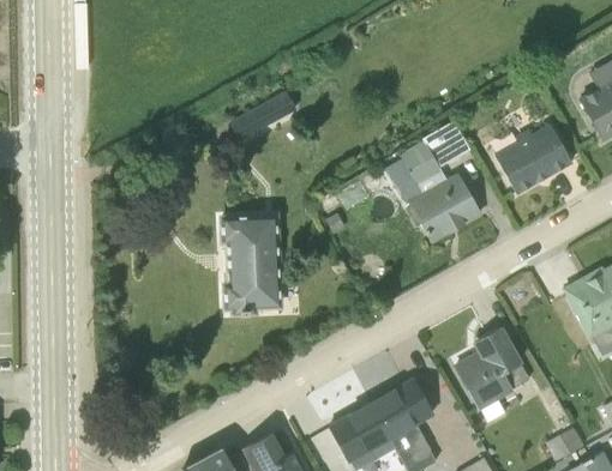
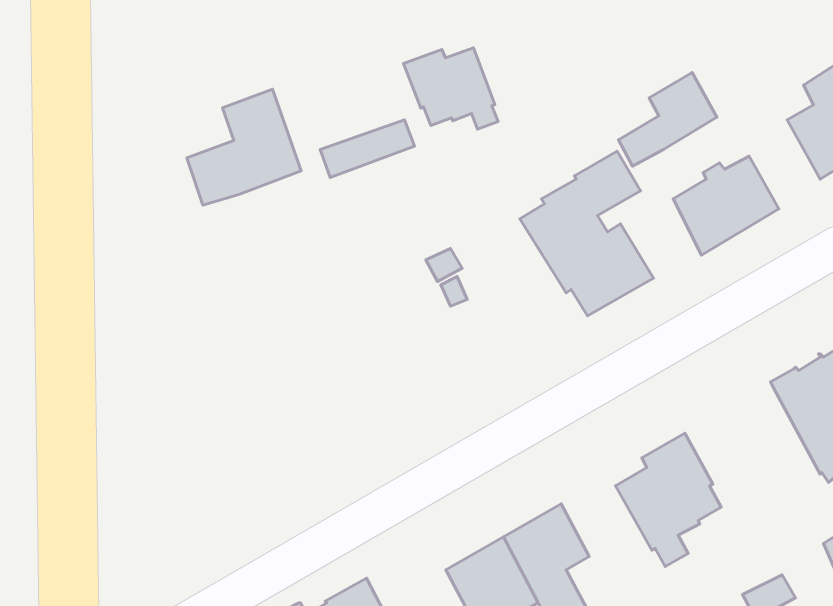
building: none -> [404,48,498,129]
building: none -> [619,72,717,166]
building: none -> [187,89,301,205]
building: [218,213,283,318] -> none

